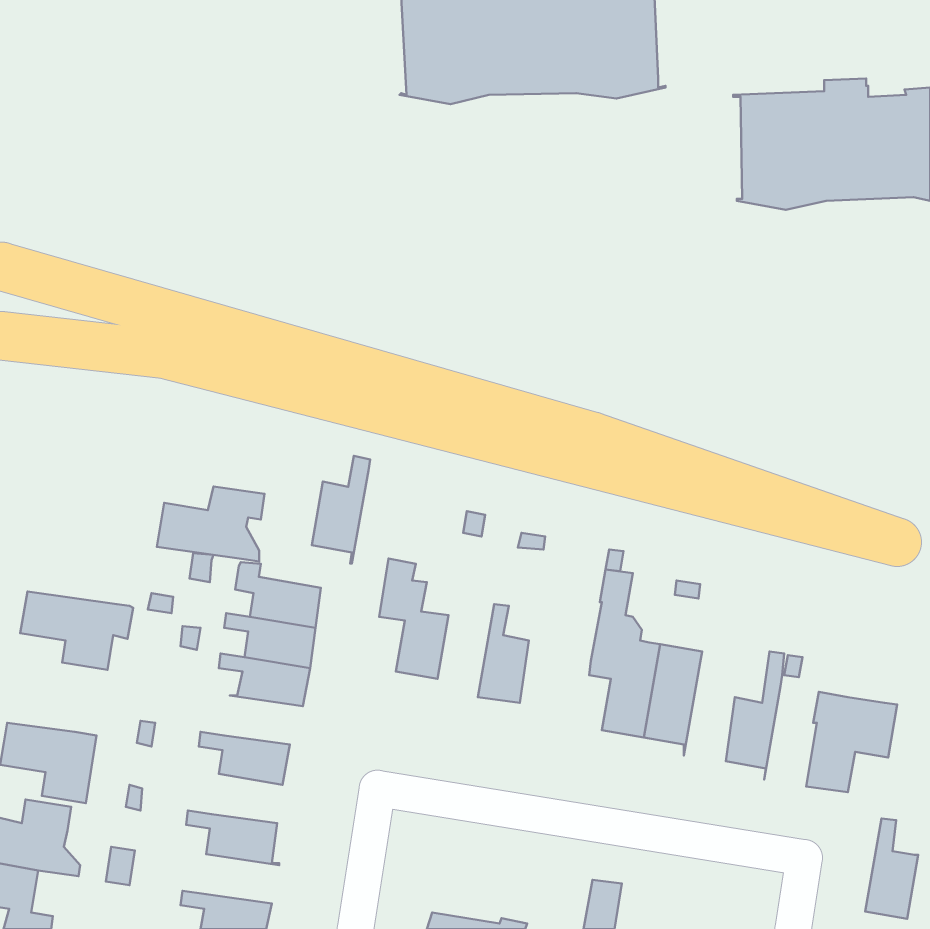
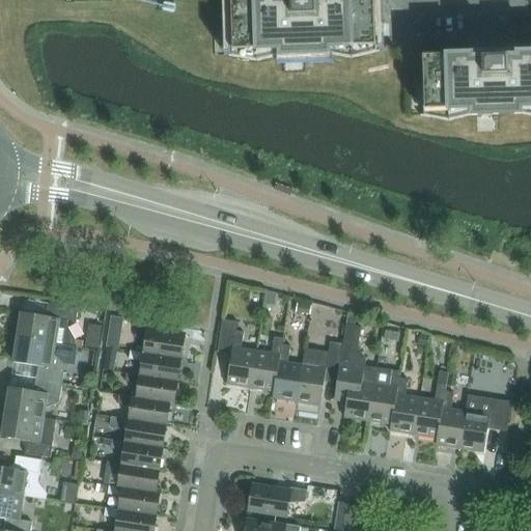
building: [312,456,370,563] -> [249,335,282,396]
building: [157,487,265,561] -> [16,302,77,344]
building: none -> [296,340,342,403]
building: none -> [4,376,61,416]
building: none -> [389,376,418,432]
building: none -> [116,393,172,423]
building: none -> [102,437,161,468]
building: [865,818,918,919] -> [435,390,465,447]
building: none -> [247,483,307,514]
building: none -> [107,484,159,513]

